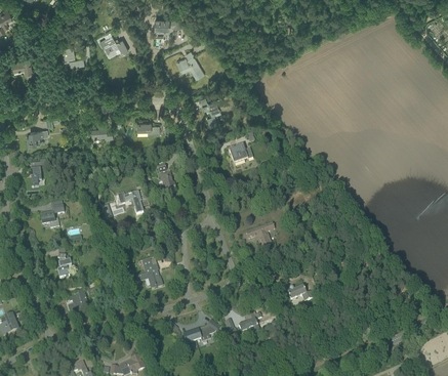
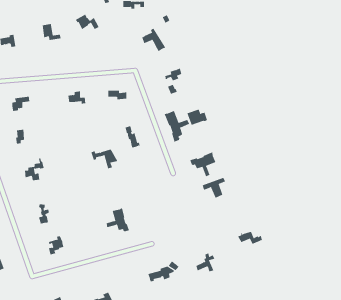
building: none -> [164,110,190,143]
building: none -> [190,152,216,177]

